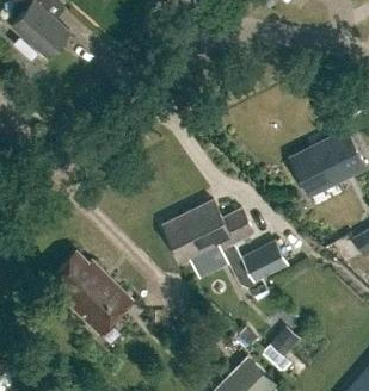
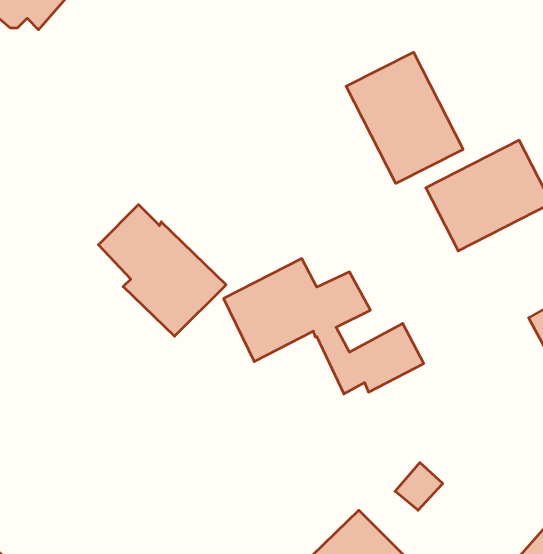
building: none -> [346,52,463,183]
building: [51,252,131,334] -> [98,205,226,336]

